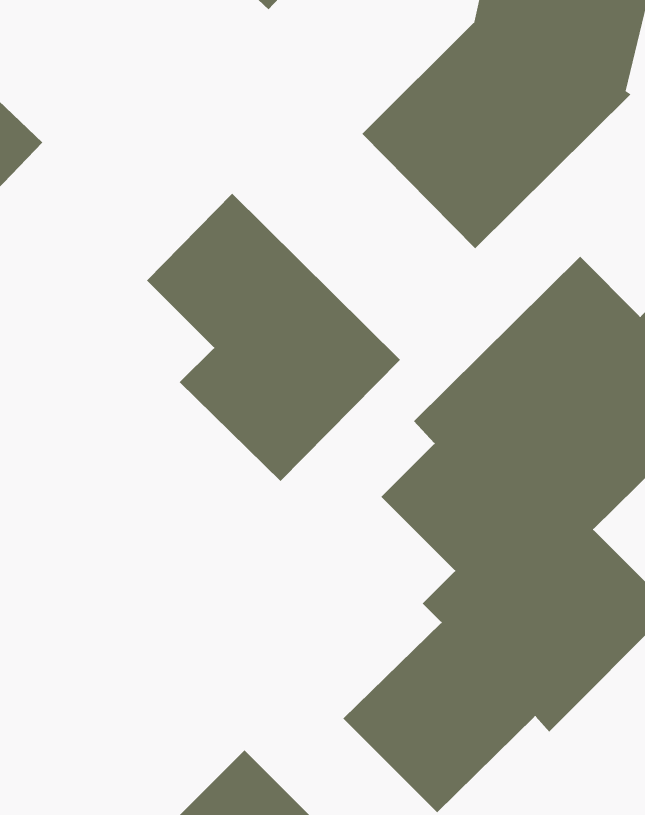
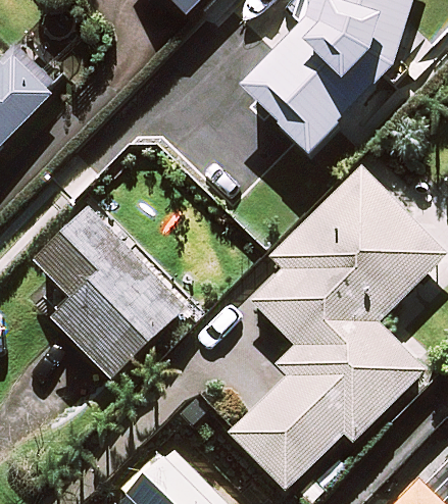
building: [146,193,401,482] -> [32,206,183,377]

